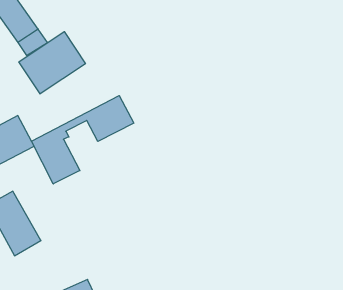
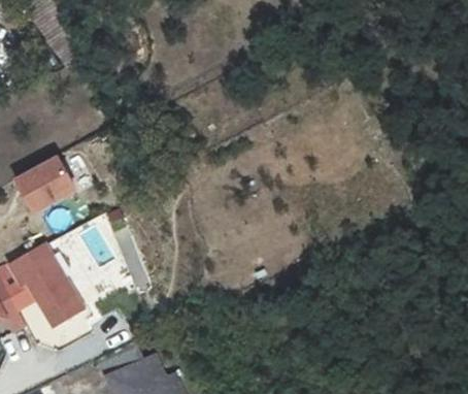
building: [19,32,85,94] -> none
building: [31,96,134,184] -> none

